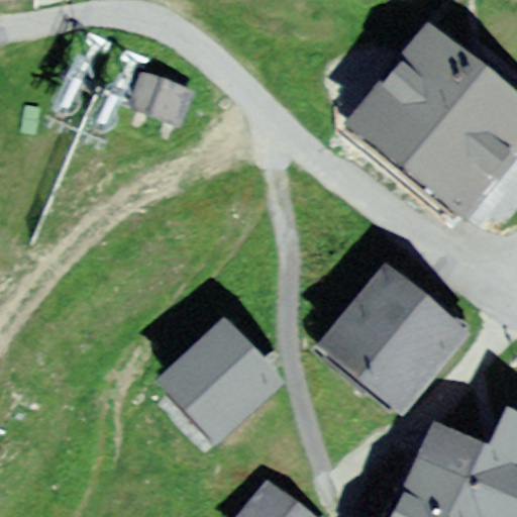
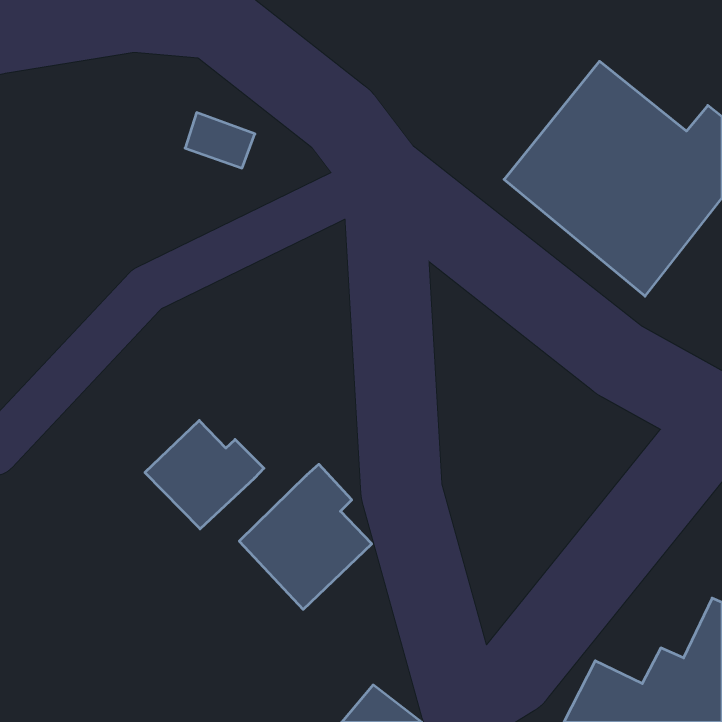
building: [329,283,461,403] -> none
building: none -> [145,420,264,529]

